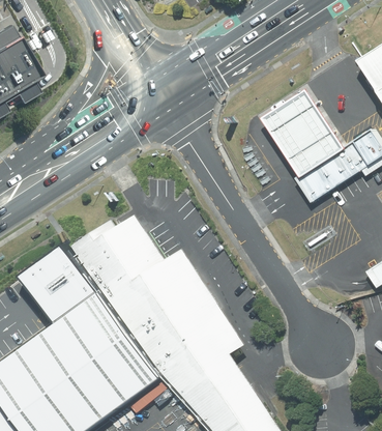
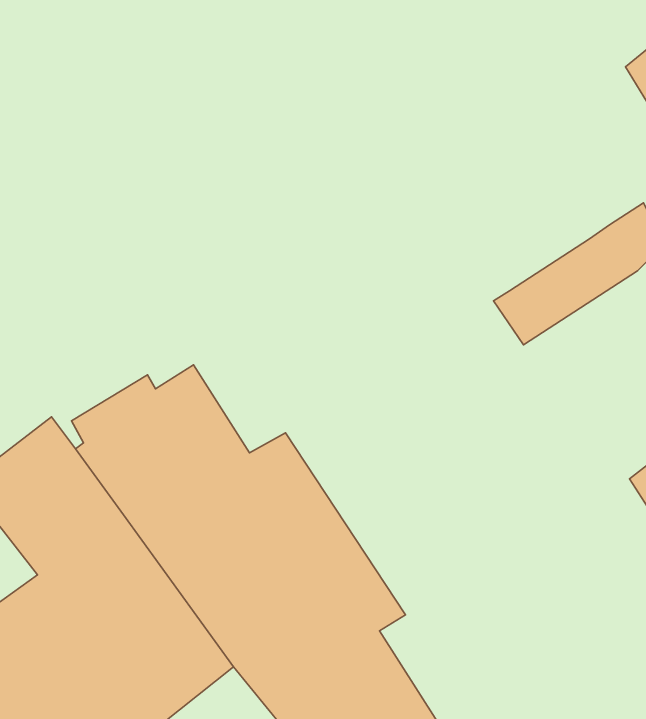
building: [261,91,341,177] -> none

